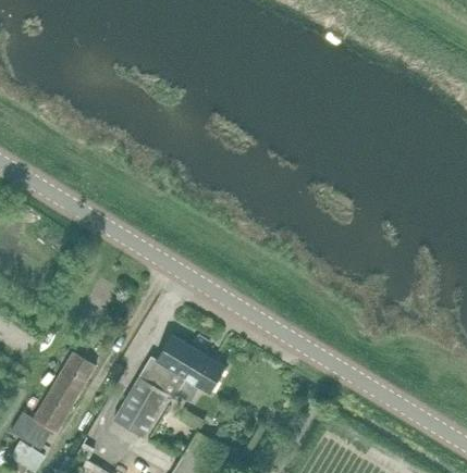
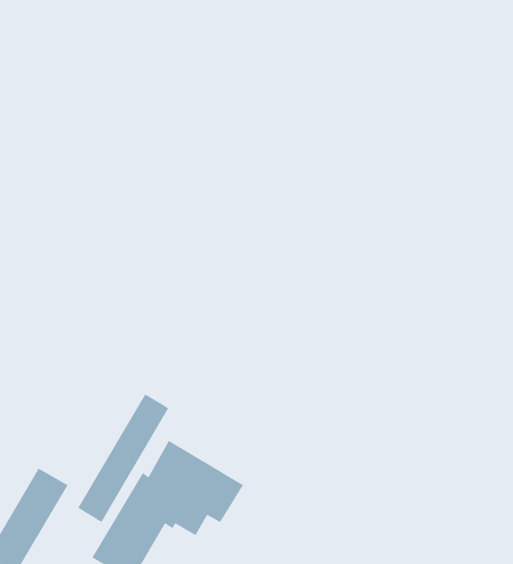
building: none -> [78,393,169,523]

